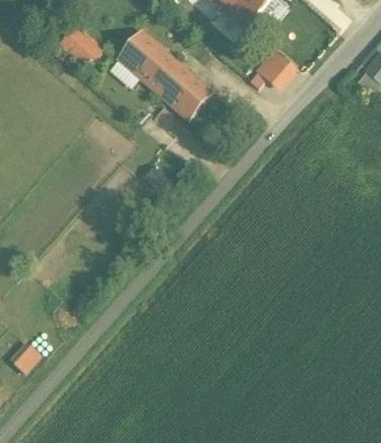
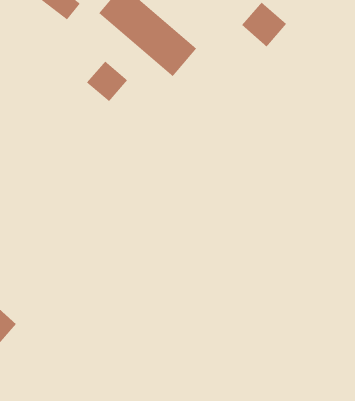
building: none -> [86,60,128,102]

